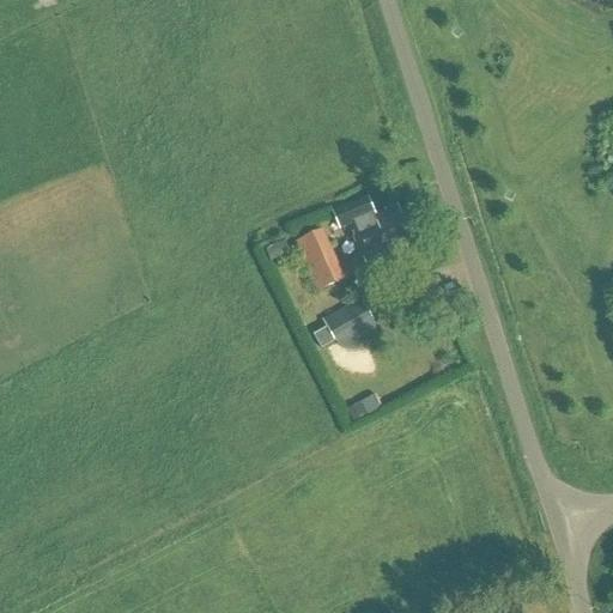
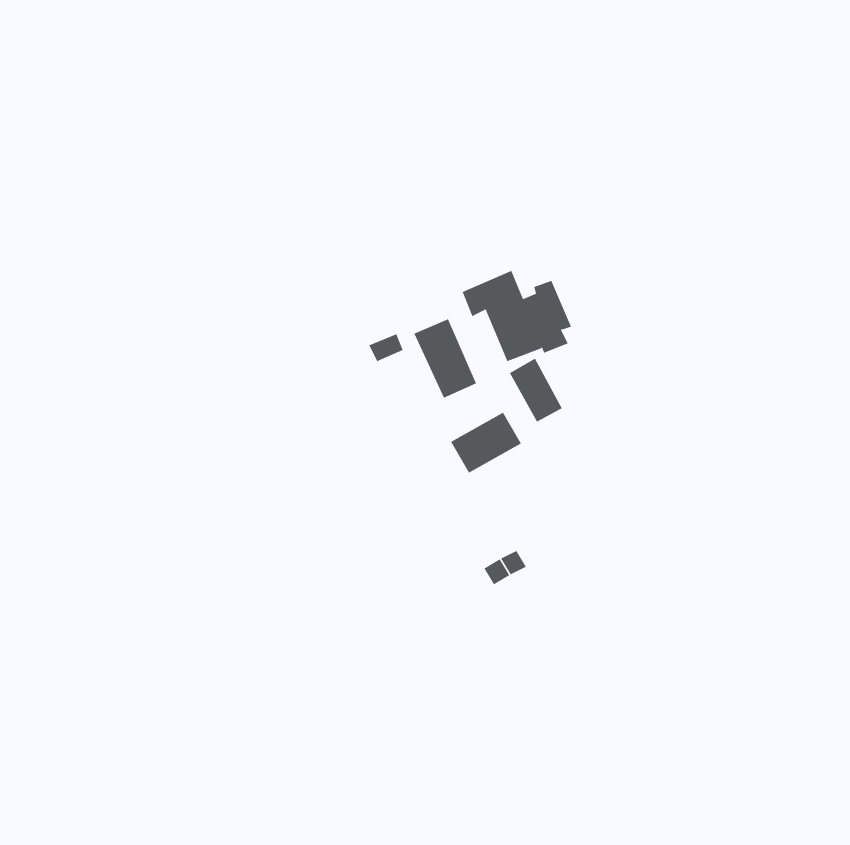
building: none -> [509,358,562,422]

